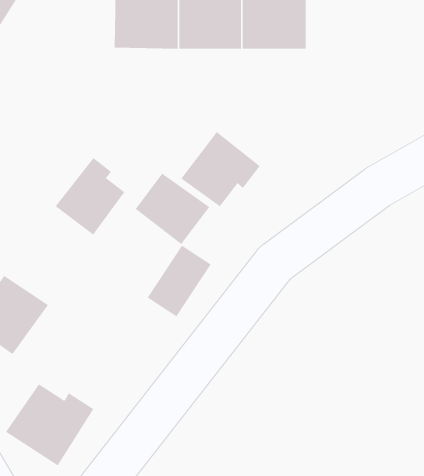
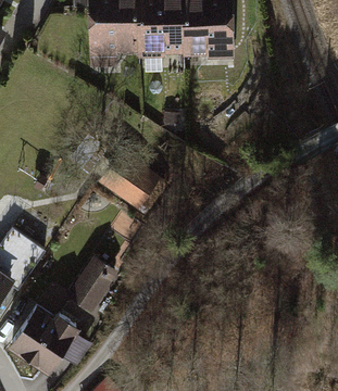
building: [181,131,261,207] -> none
building: [55,157,125,236] -> none
building: [147,245,212,317] -> [68,256,115,308]

